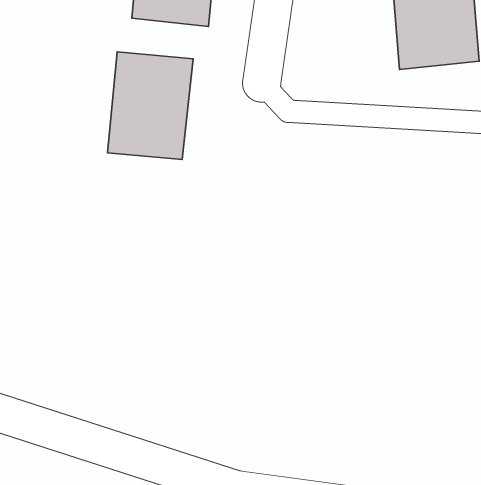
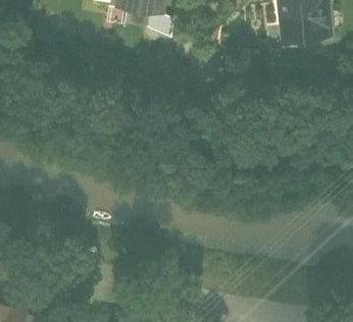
building: [108,52,193,160] -> none

